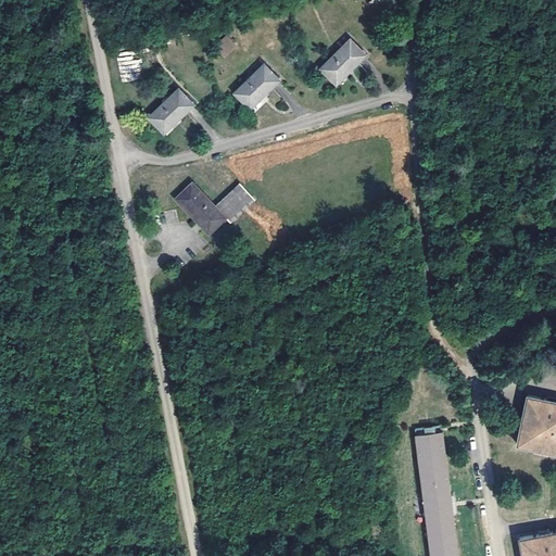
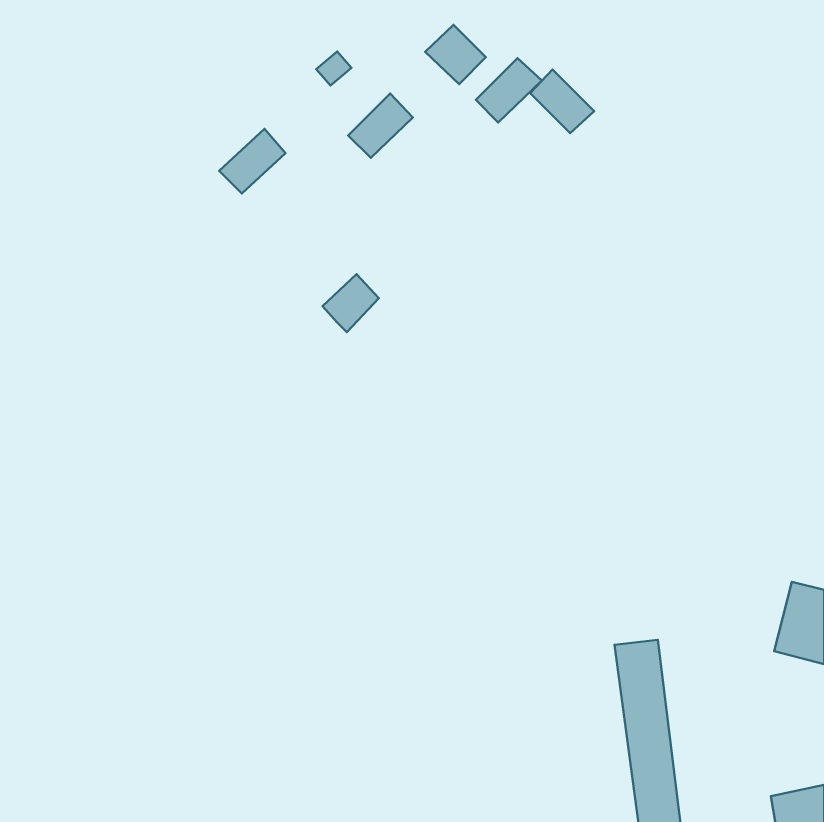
building: none -> [425,25,486,84]
building: none -> [530,69,594,133]
building: [174,180,227,235] -> none

